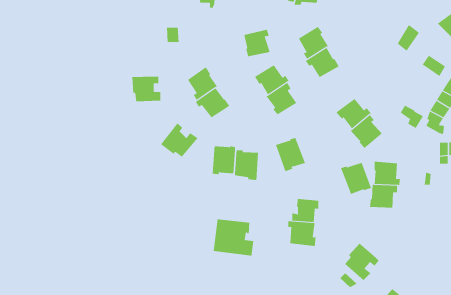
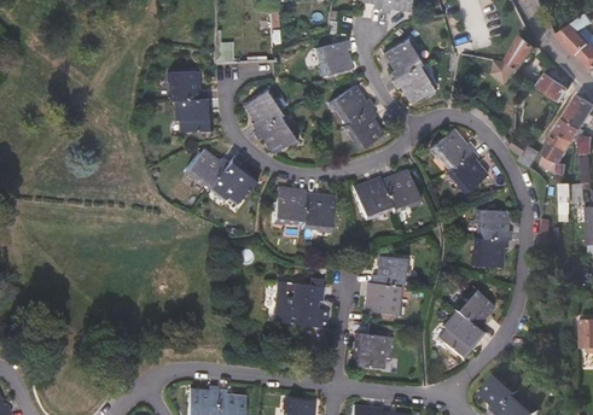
building: none -> [165,71,200,101]
building: none -> [182,151,225,189]
building: [340,162,372,195] -> [379,171,419,212]
building: none -> [455,285,495,329]
building: none -> [353,331,391,367]

